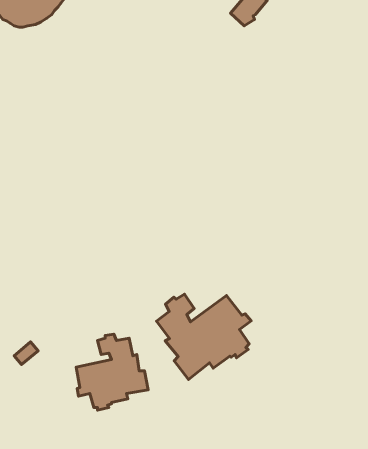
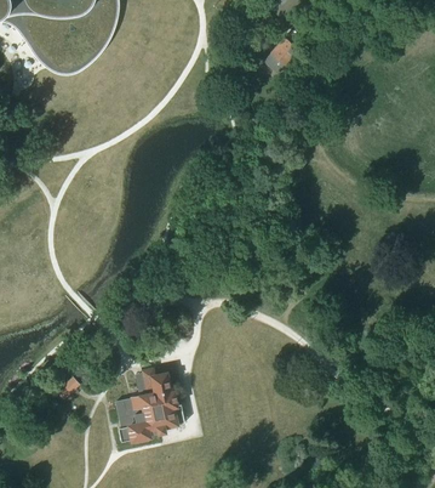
building: [156,294,251,379] -> none

